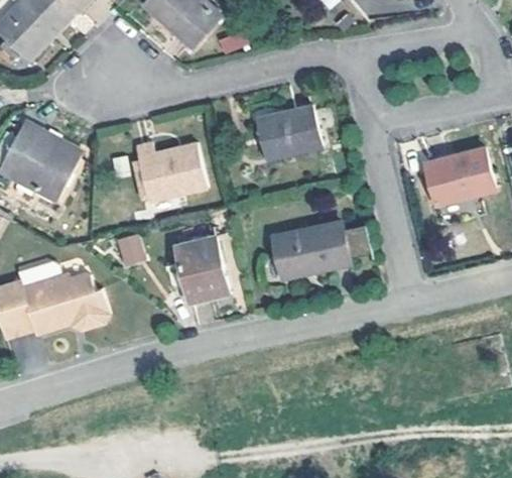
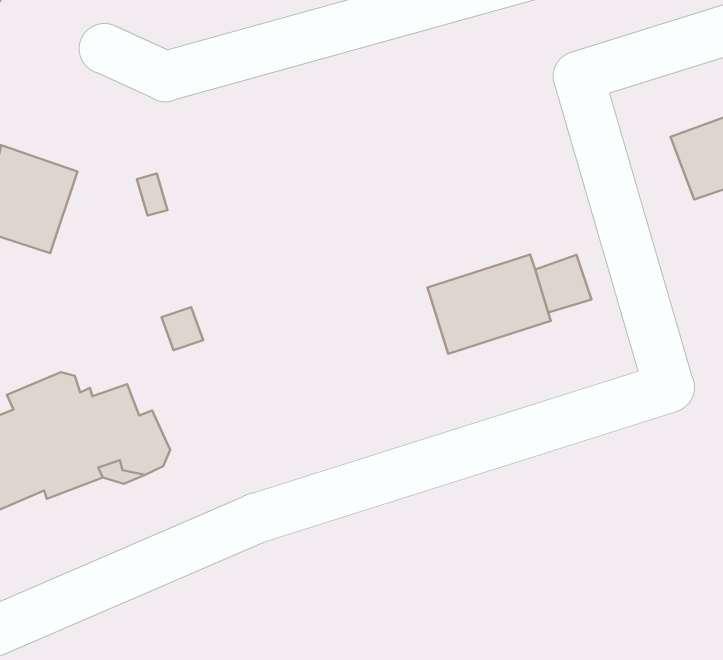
building: [257,107,318,157] -> none
building: [134,140,205,201] -> none
building: [163,236,225,302] -> none

